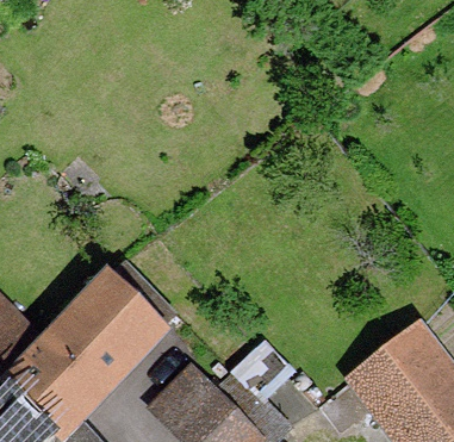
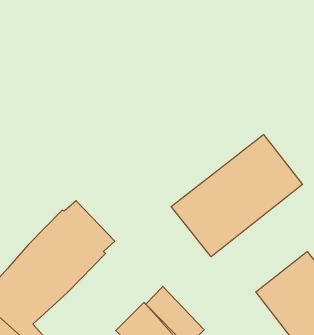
building: none -> [171,135,302,257]

